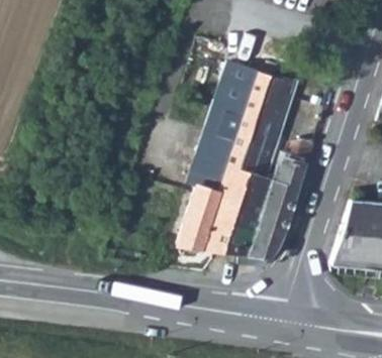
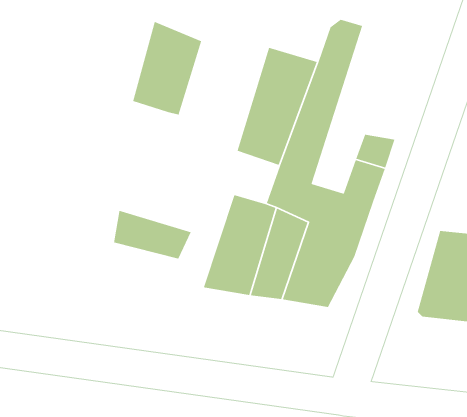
building: none -> [132,21,202,116]
building: [191,141,232,181] -> none
building: none -> [113,210,192,260]

